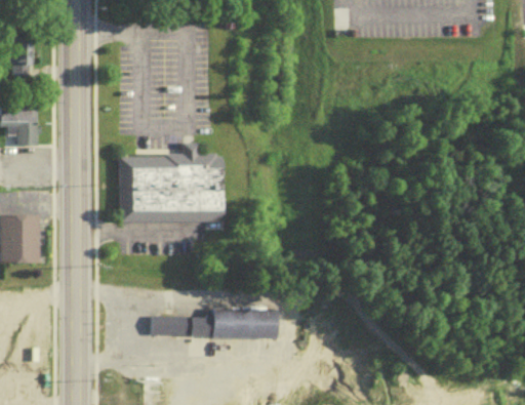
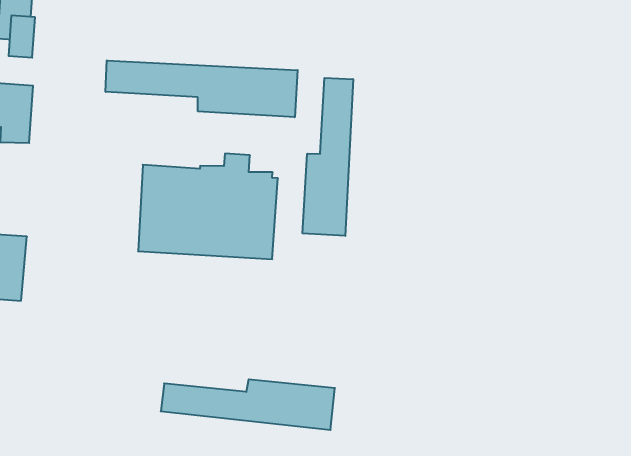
building: none -> [106,60,298,117]
building: none -> [303,78,353,236]

